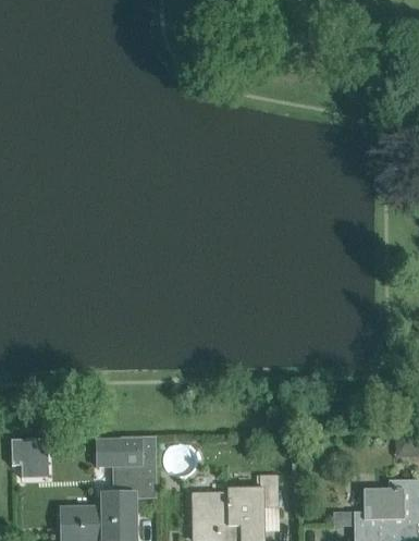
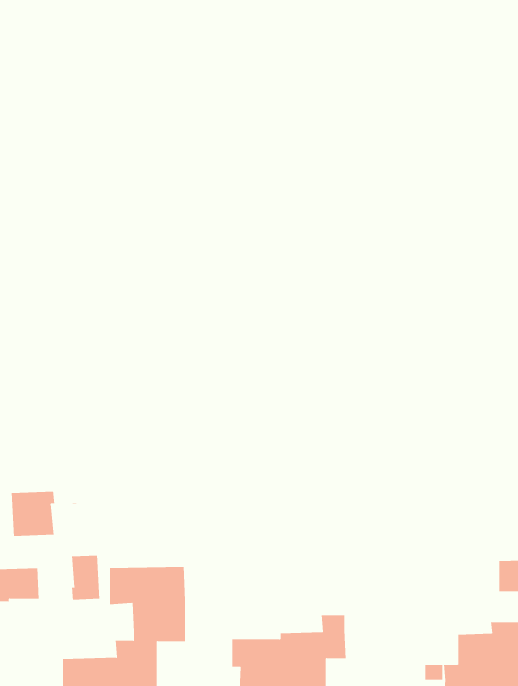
building: none -> [11,491,77,537]
building: none -> [57,555,100,600]

